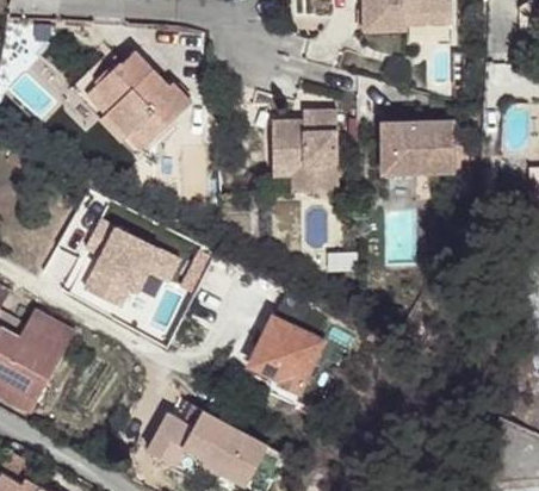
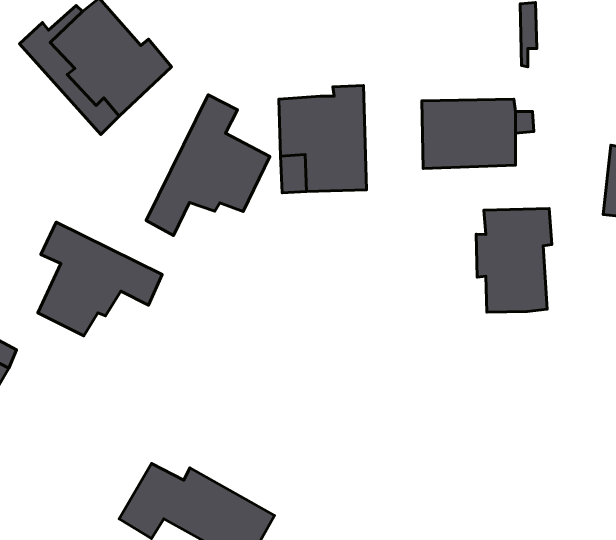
building: none -> [146,95,270,236]
building: none -> [476,208,552,312]
building: [248,311,321,387] -> none

